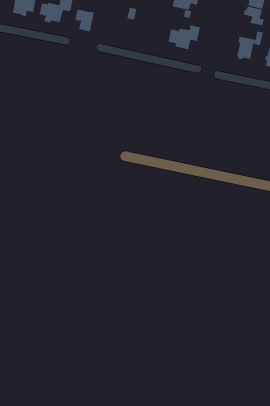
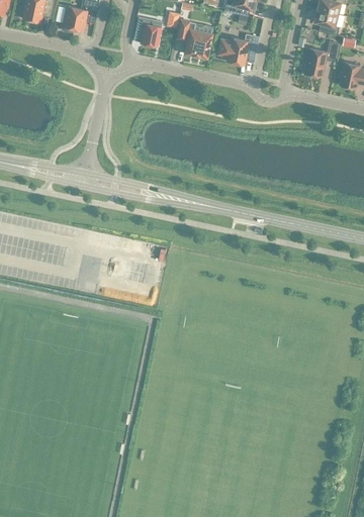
building: [74,9,95,32] -> [135,17,161,46]
building: none -> [177,19,212,60]

